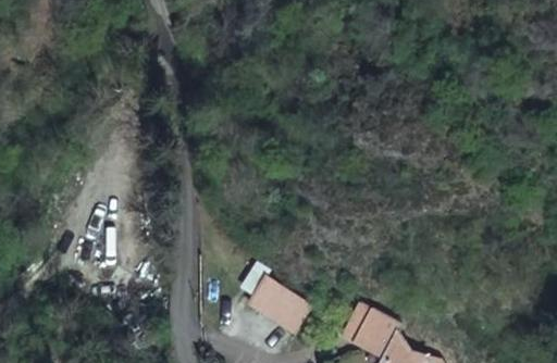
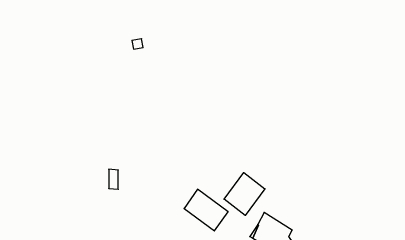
building: none -> [224,173,265,215]

